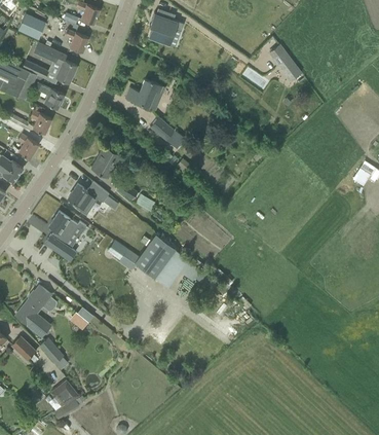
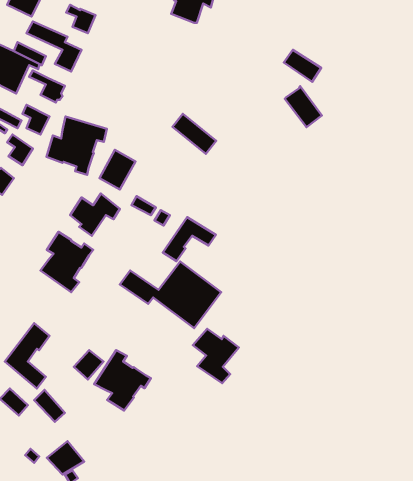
building: [272,49,302,82] -> [285,86,322,127]
building: [125,79,162,110] -> none
building: none -> [46,117,107,175]
building: none -> [163,217,216,261]
building: none -> [193,329,239,383]
building: none -> [94,350,151,411]

